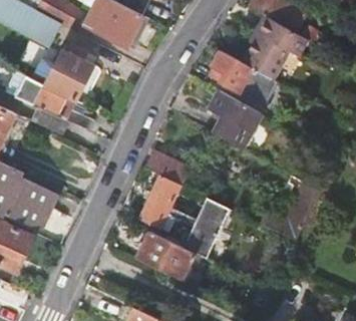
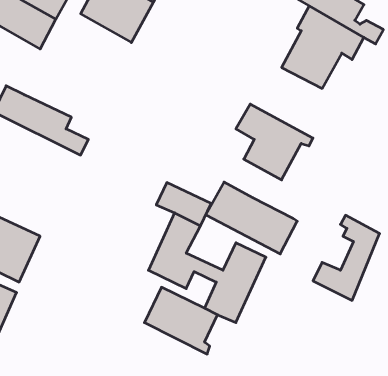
building: [44,43,99,101] -> none
building: [206,51,276,106] -> [206,182,297,254]

